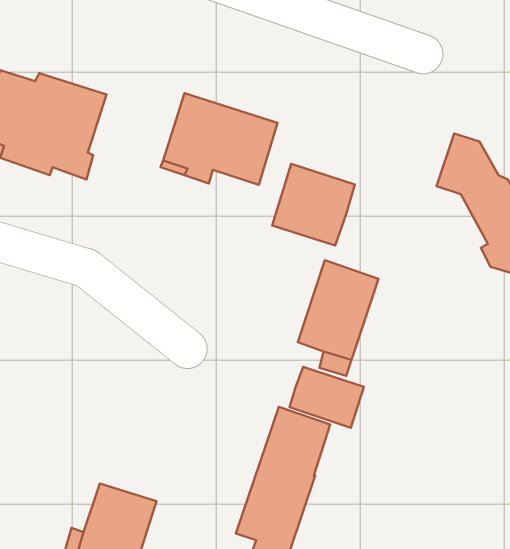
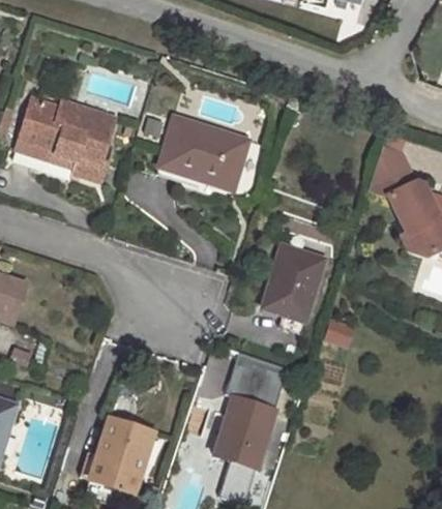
building: [272,164,355,245] -> none
building: [289,367,364,428] -> none

